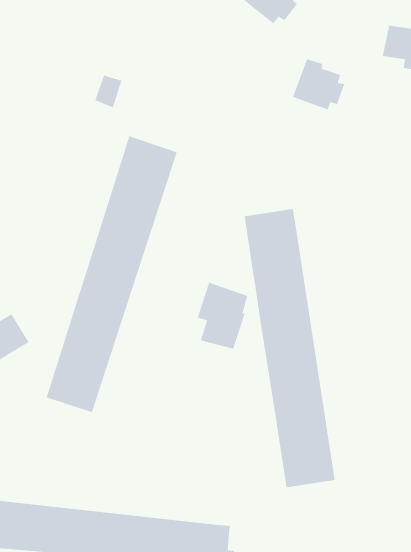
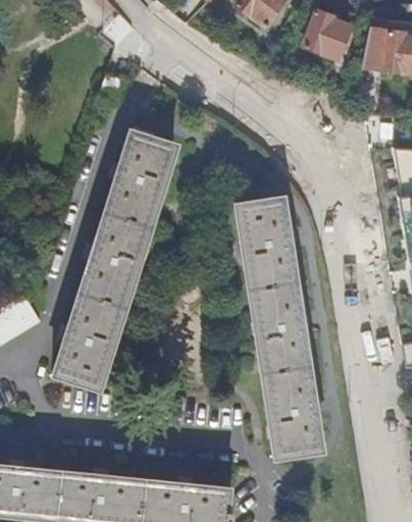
building: [292,58,345,110] -> [306,10,355,58]
building: [197,282,248,350] -> none

